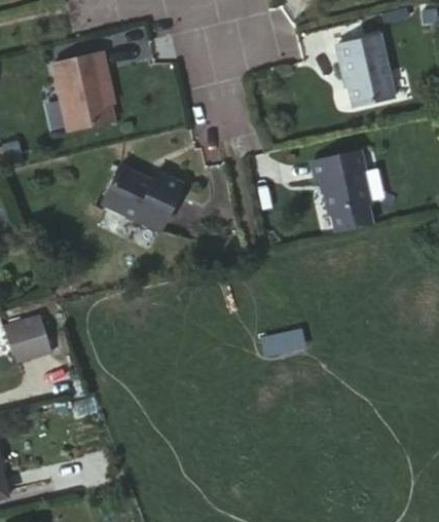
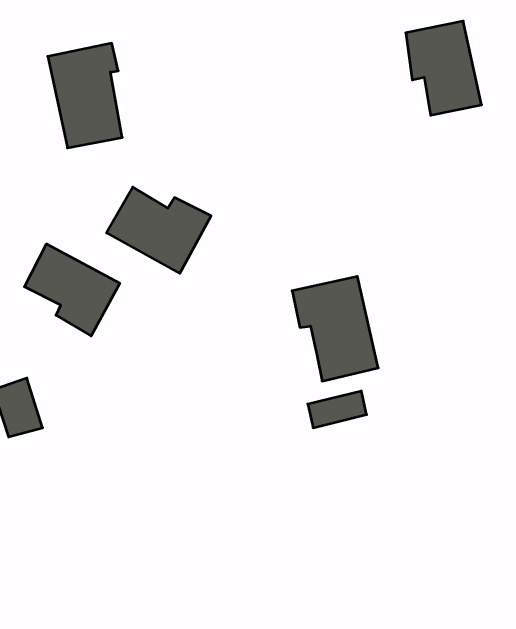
building: [307,152,375,234] -> [292,276,378,381]
building: none -> [24,244,120,336]

